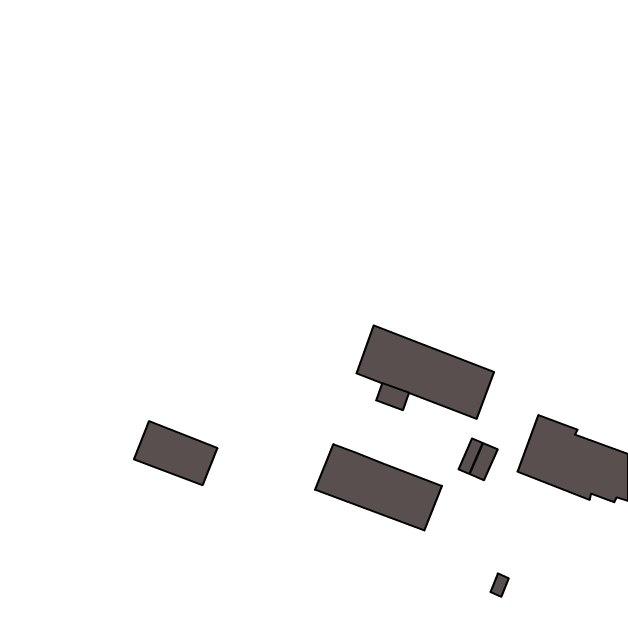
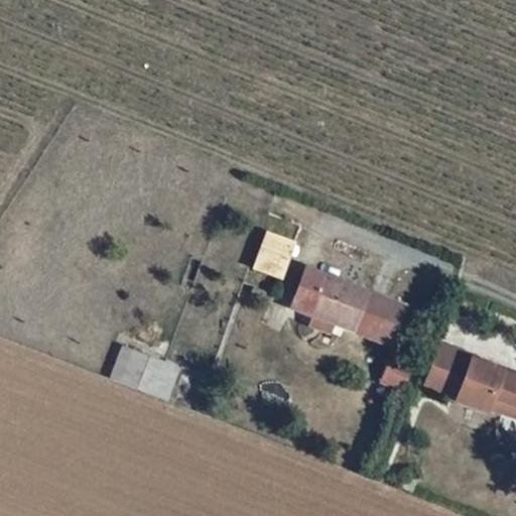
building: none -> [253,231,294,276]
building: [315,444,442,531] -> none

